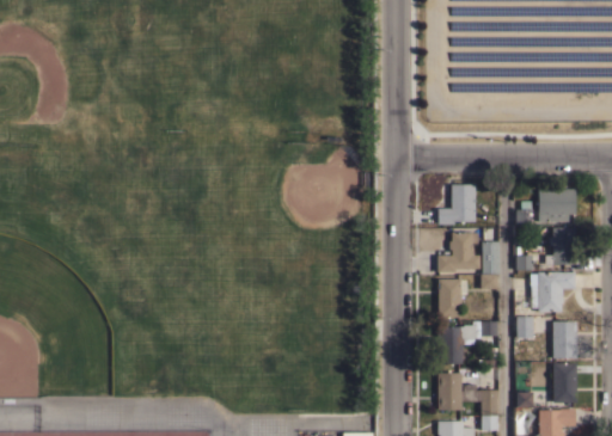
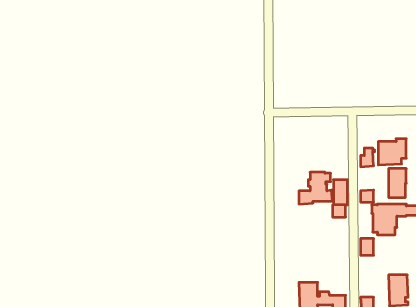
building: [437,184,476,225] -> none
building: [437,278,460,317] -> none
building: [437,321,497,364] -> none
building: [552,321,576,358] -> none

